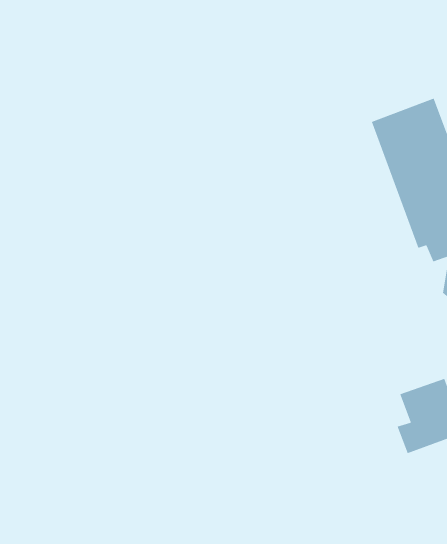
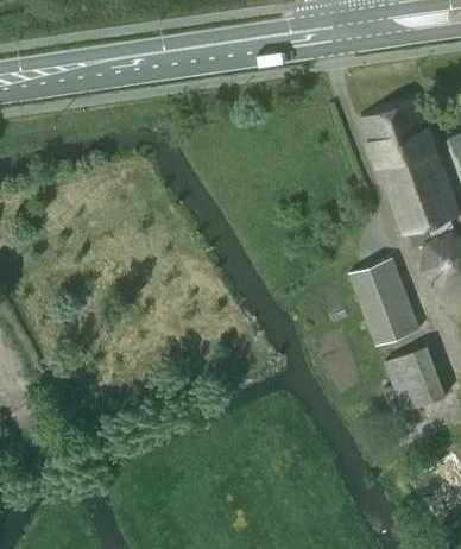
building: none -> [351,258,418,345]

